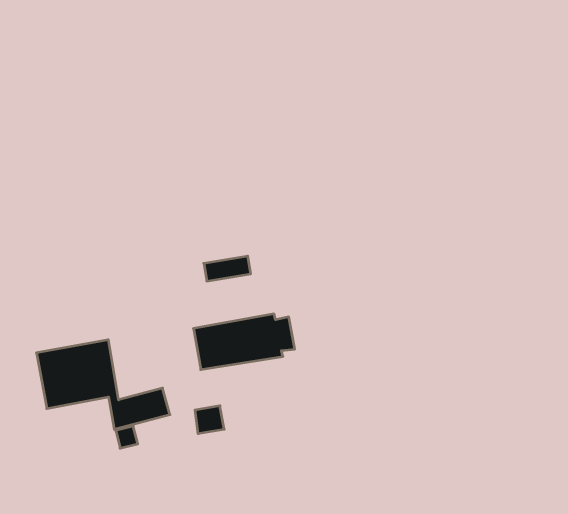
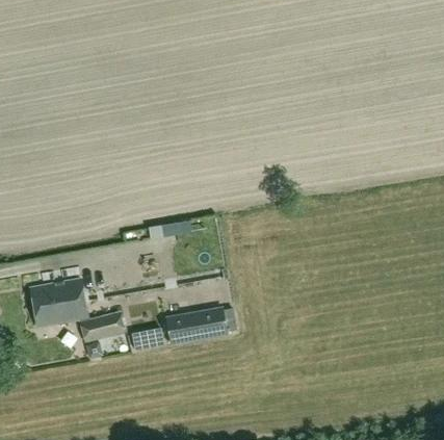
building: [193,314,295,370] -> [164,304,236,343]

